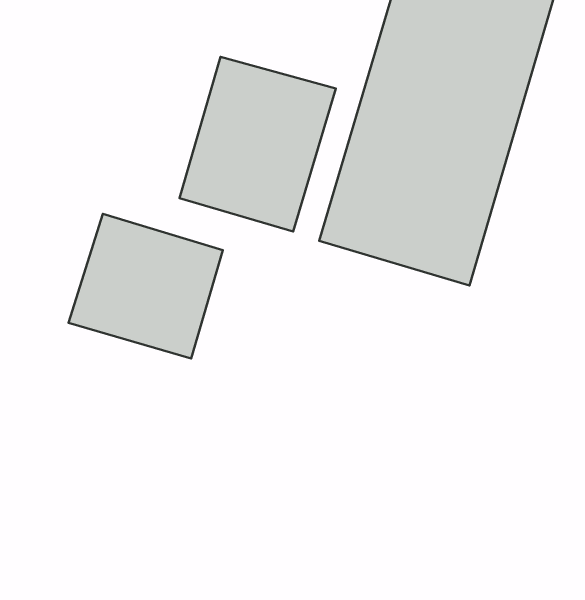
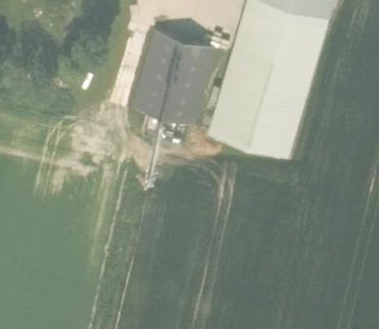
building: [69,214,223,359] -> none

